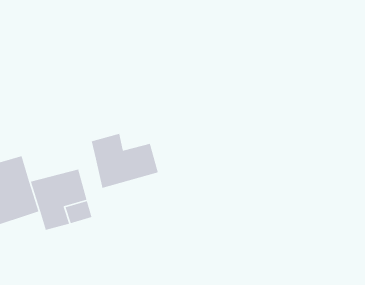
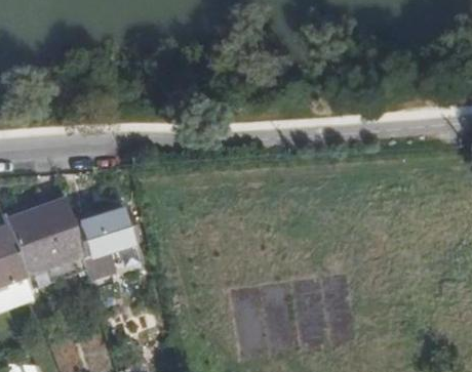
building: [91,133,159,189] -> none

